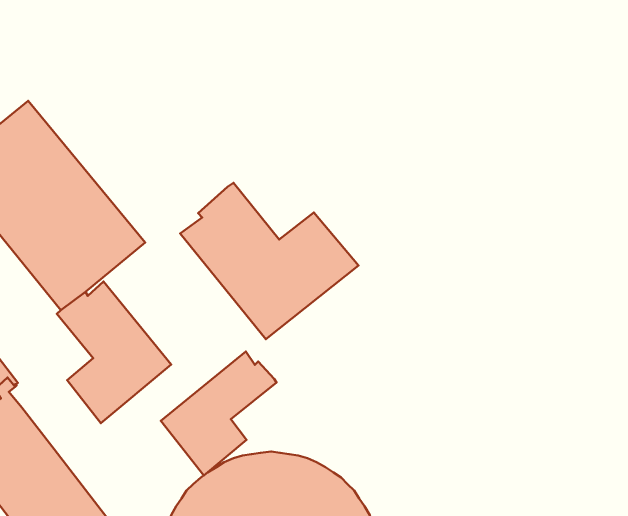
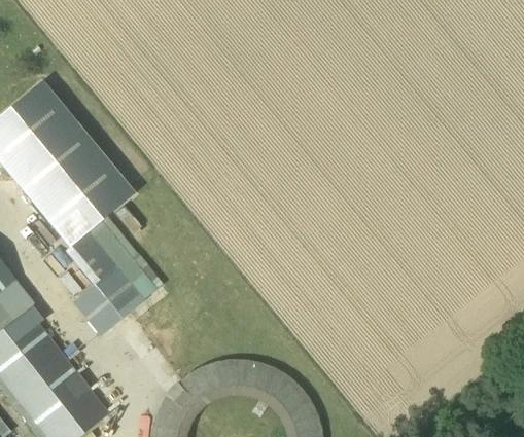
building: [180,183,358,339] -> none
building: [161,352,276,475] -> none

